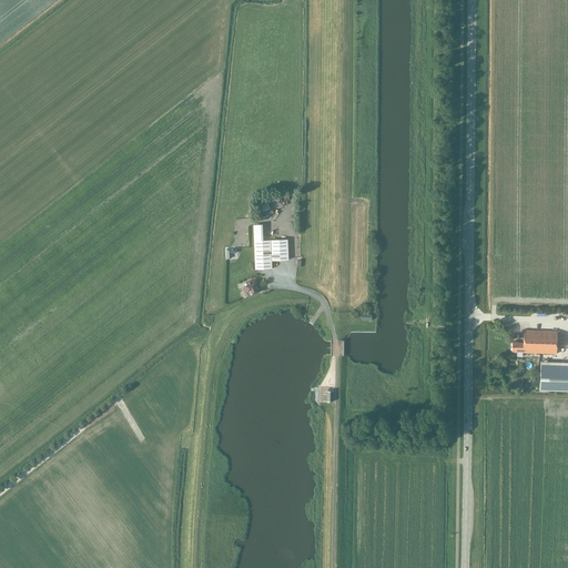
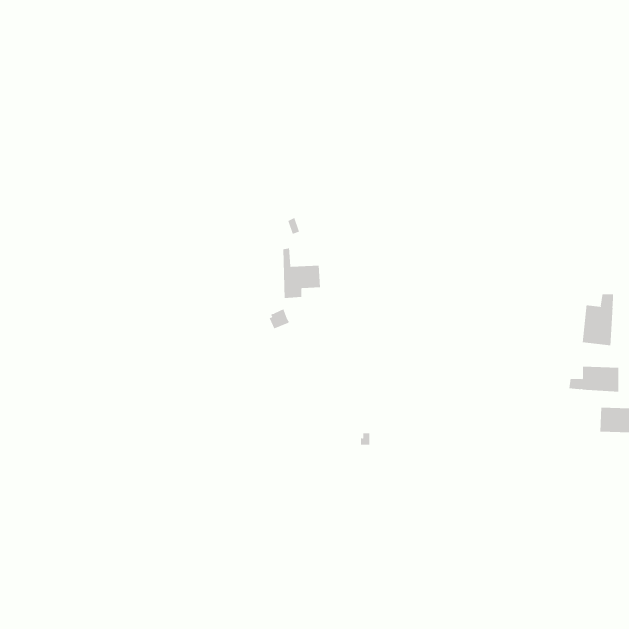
building: none -> [582,294,614,346]

